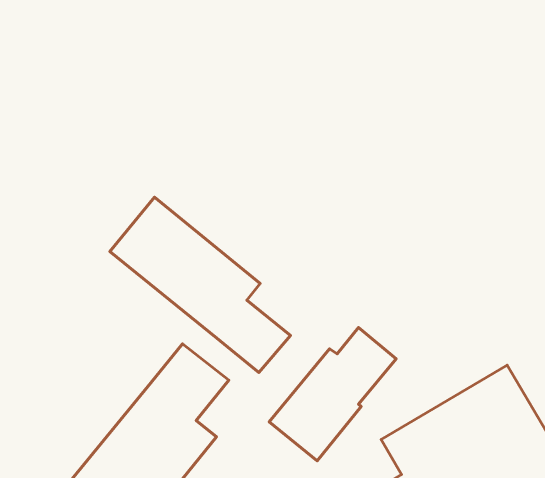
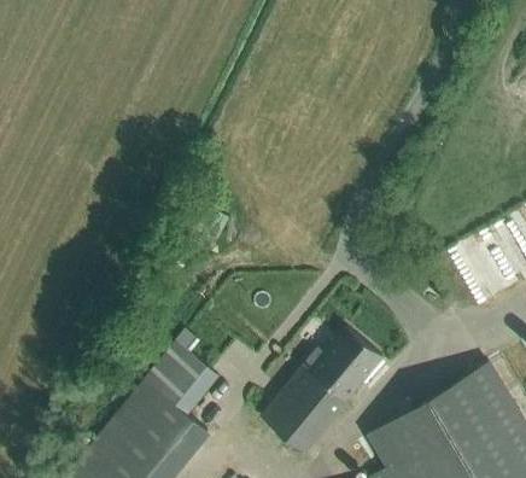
building: [110,197,290,373] -> none

